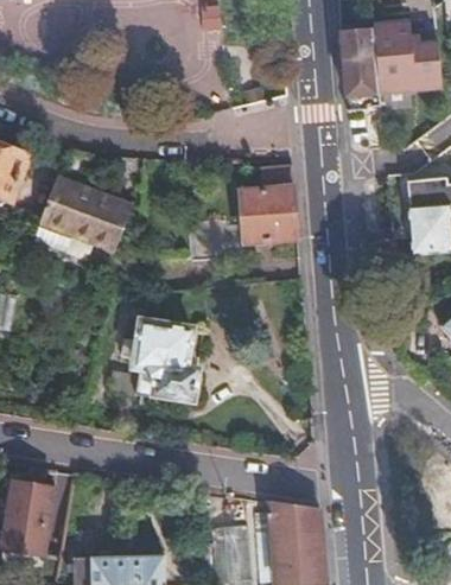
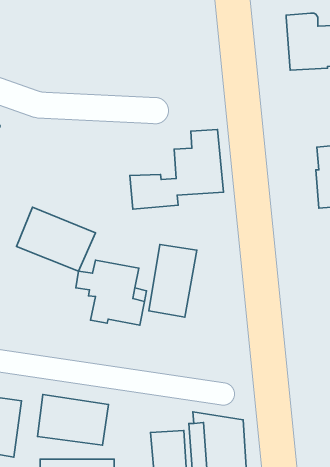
building: [342,26,380,109] -> none
building: [39,174,134,252] -> [17,207,95,271]
building: none -> [149,245,197,317]
building: none -> [38,394,109,445]

